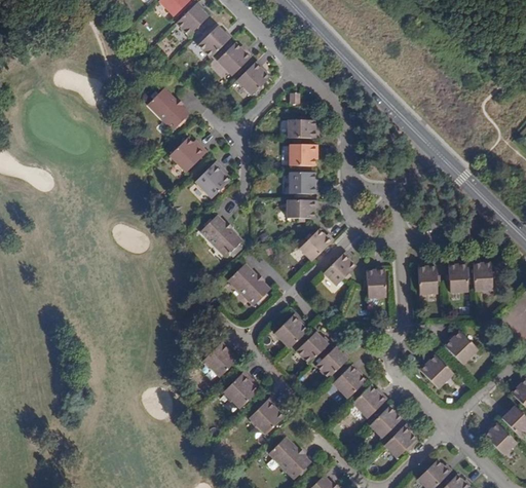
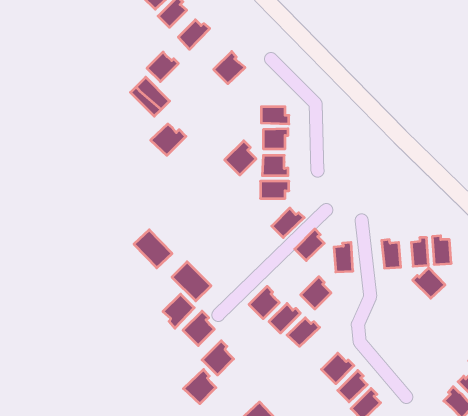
building: [218,43,252,75] -> [147,52,178,82]
building: [195,161,229,198] -> [225,141,256,175]
building: [200,216,241,257] -> [134,230,172,268]
building: [228,264,270,306] -> [172,262,211,301]
building: none -> [163,294,194,328]
building: [443,331,478,364] -> [413,268,445,298]
building: [418,355,453,388] -> none
building: [333,364,366,399] -> [301,277,331,309]
building: [249,398,284,435] -> [183,369,216,404]

